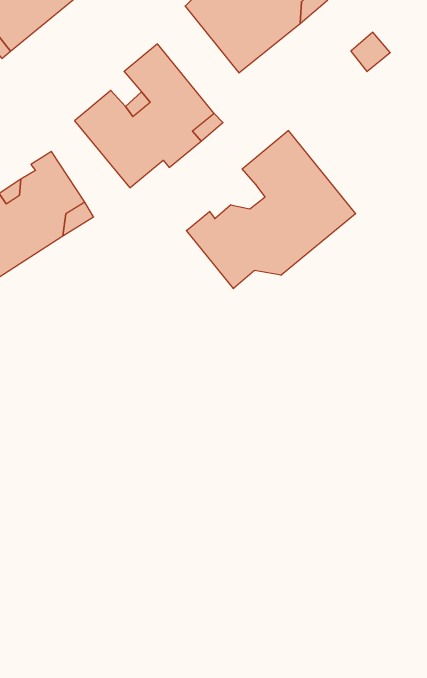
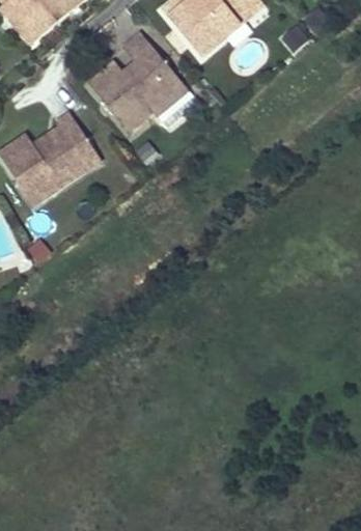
building: [186,131,356,289] -> none

